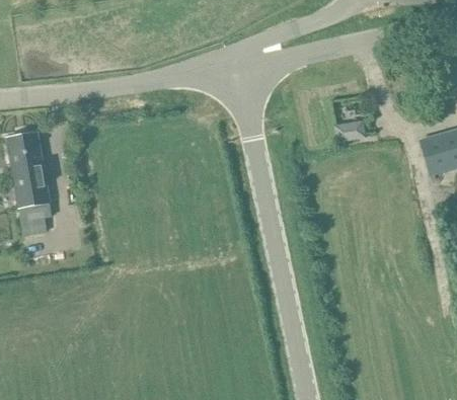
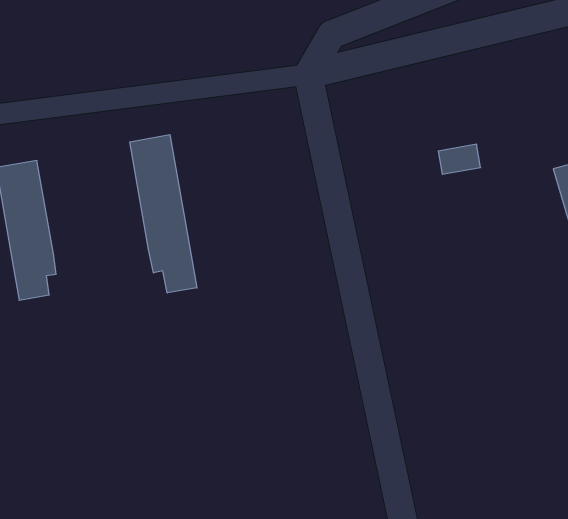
building: none -> [130,135,197,293]

